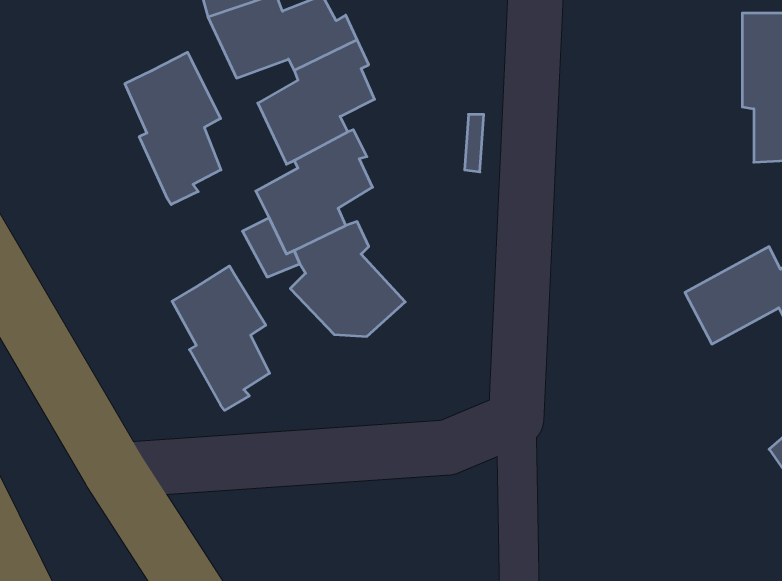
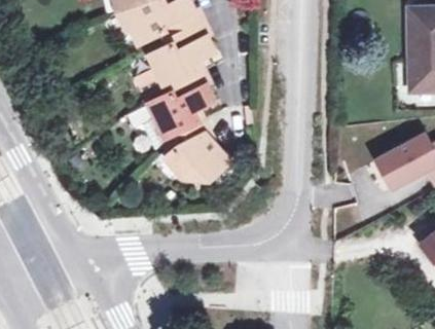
building: [125,52,221,205] -> none
building: [172,266,270,410] -> none

